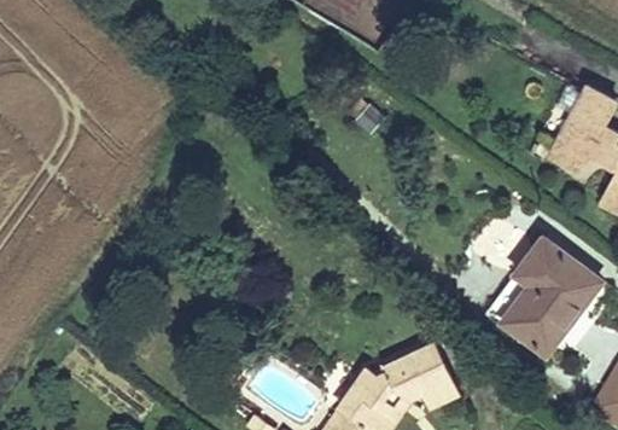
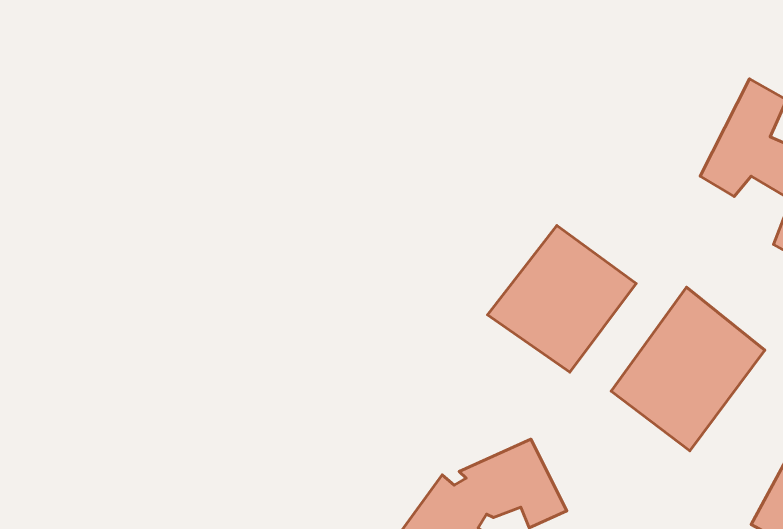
building: none -> [488,226,636,372]

